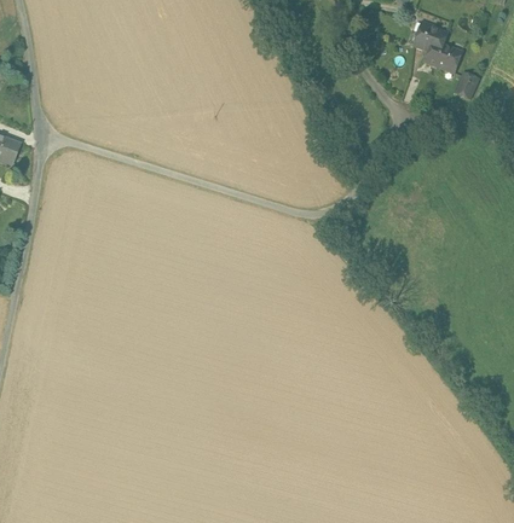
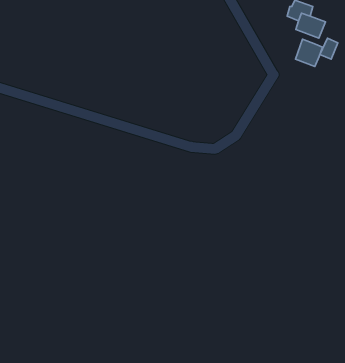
building: none -> [295,39,322,66]

